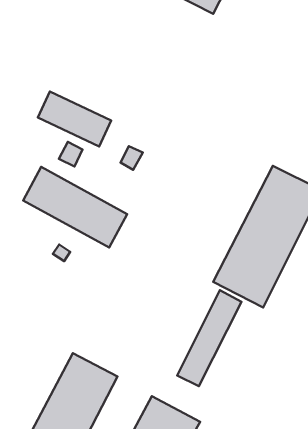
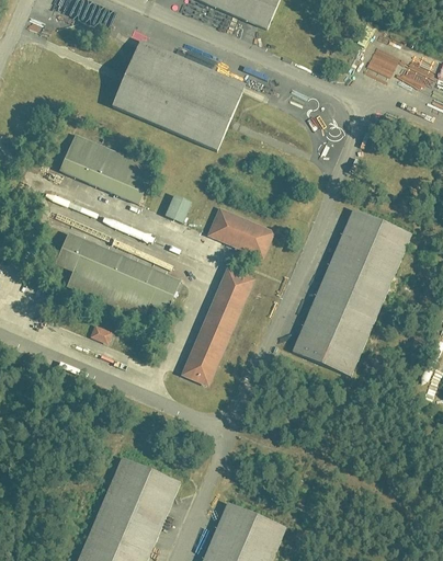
building: none -> [110,42,242,148]
building: [59,142,82,166] -> none
building: none -> [207,199,279,257]
building: [177,290,241,386] -> [181,265,252,385]

